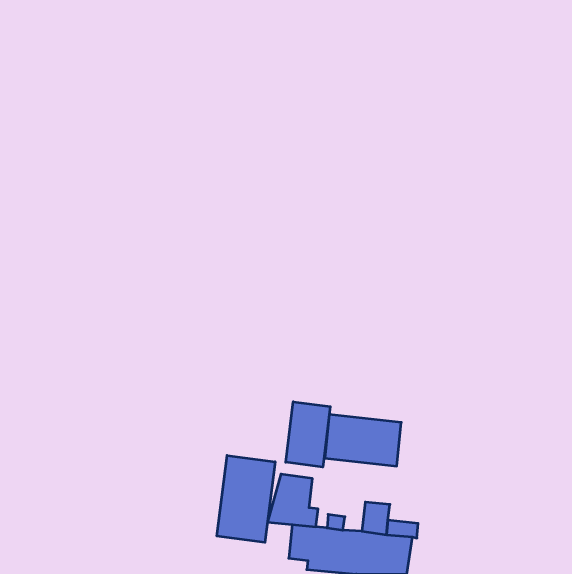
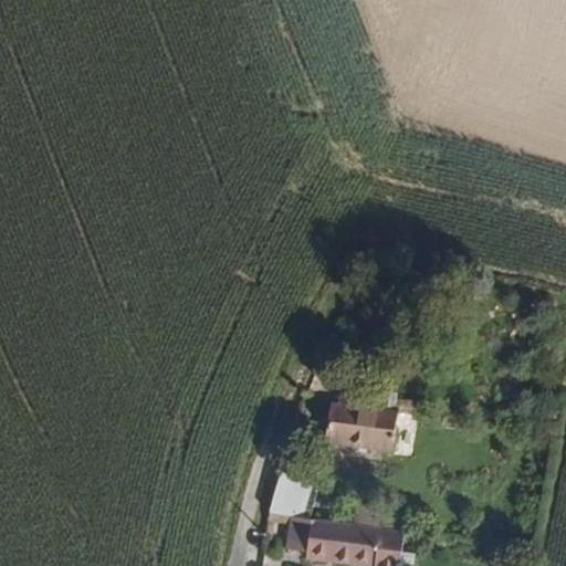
building: [286,402,330,467] -> none
building: [217,455,275,542] -> none

